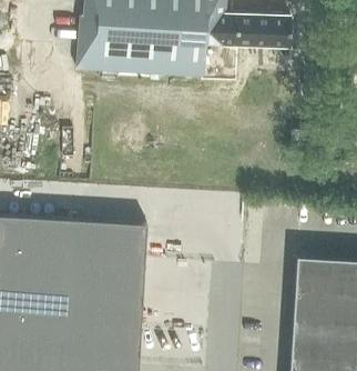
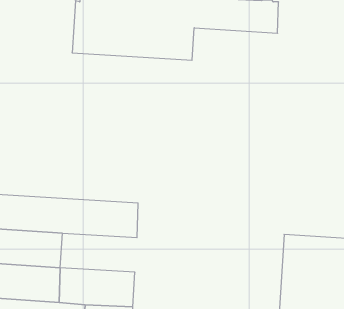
building: [65,257,144,297] -> none

